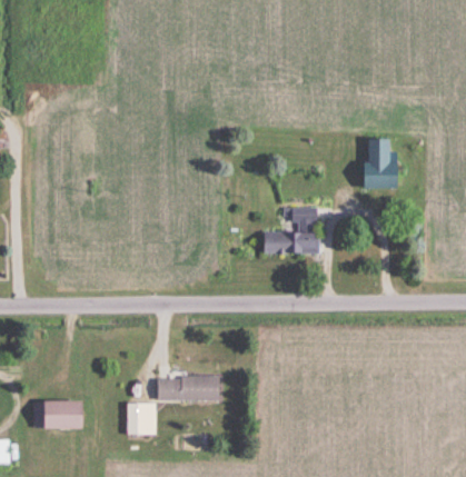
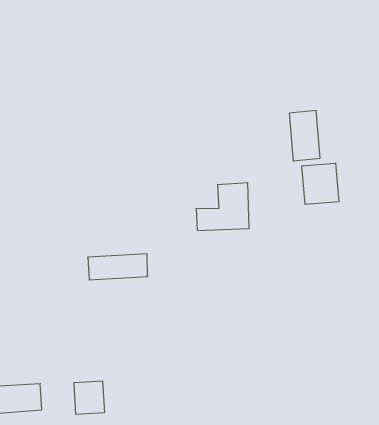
building: none -> [302,163,339,204]
building: [158,377,219,400] -> [88,254,148,280]

